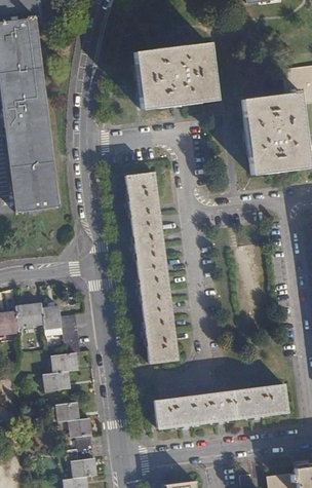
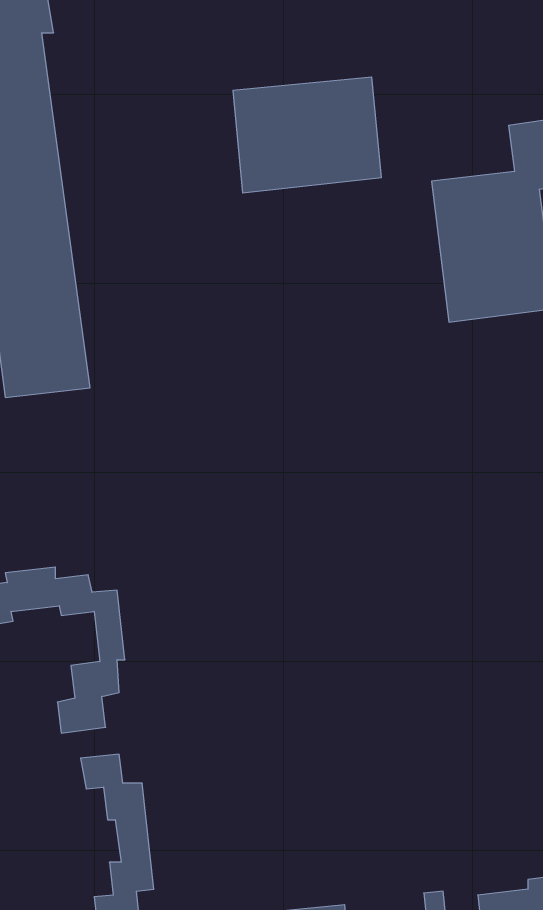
building: [125,173,179,362] -> none
building: [154,383,287,428] -> none

